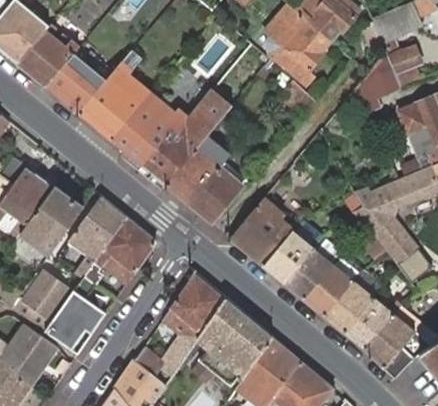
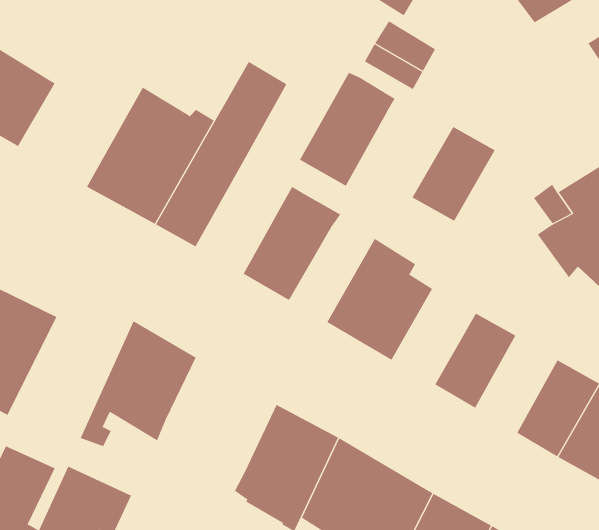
building: [79,61,152,141] -> none
building: [166,141,224,203] -> [299,72,395,187]
building: [68,198,125,277] -> none
building: [262,229,312,281] -> [412,126,495,222]
building: [303,262,352,315] -> none

